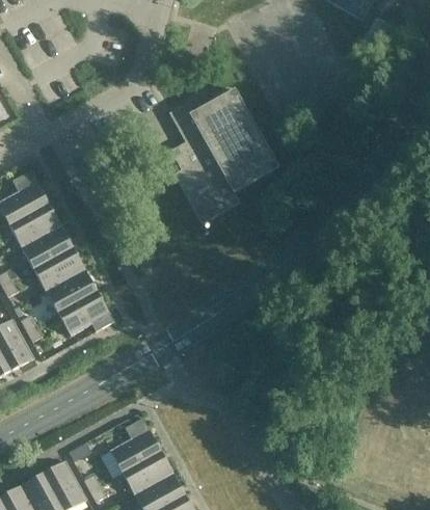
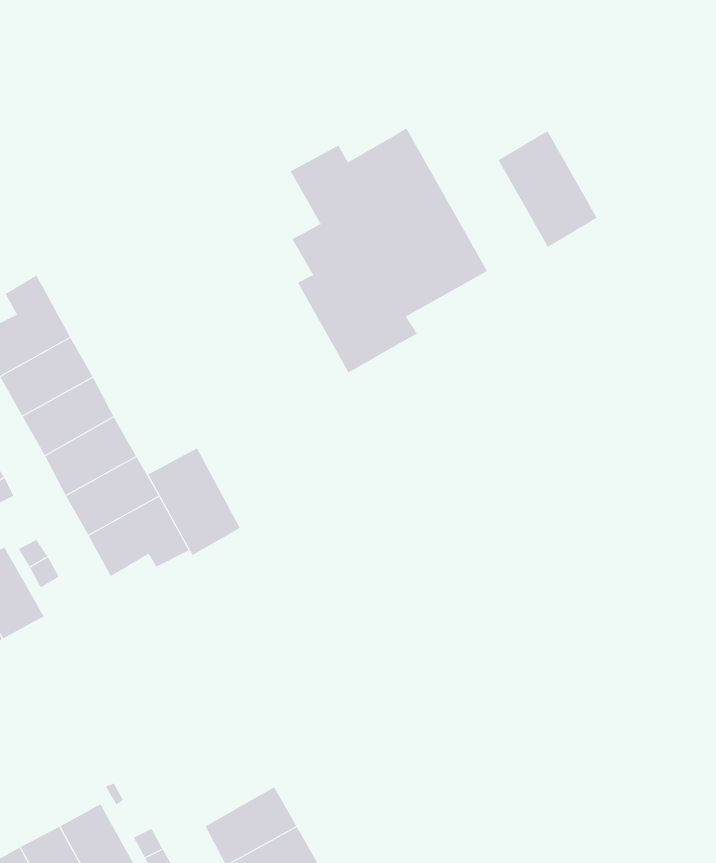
building: none -> [498,130,597,248]
building: none -> [147,447,241,556]
building: [109,418,161,473] -> none

